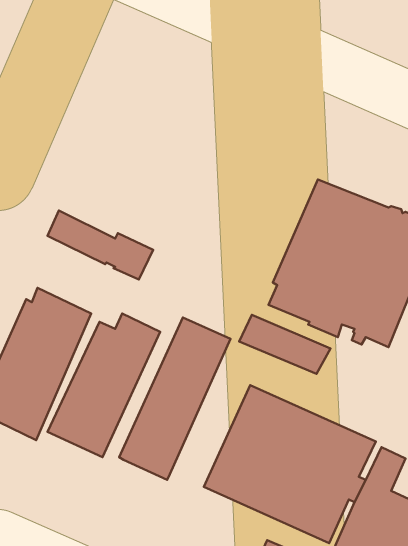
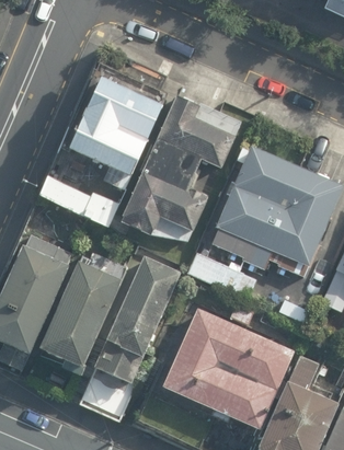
building: none -> [59,59,169,174]
building: none -> [119,93,242,240]
building: none -> [79,367,139,423]

